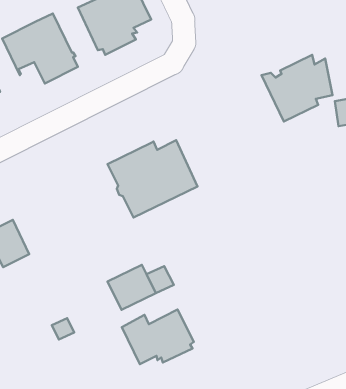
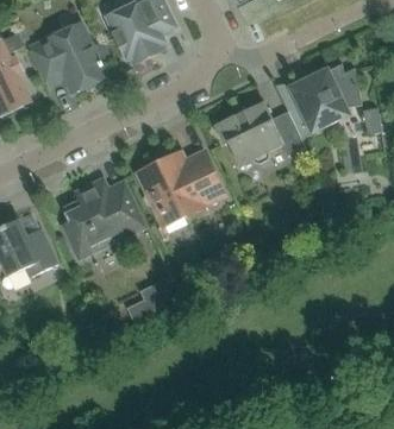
building: none -> [213,101,304,163]
building: none -> [61,177,146,258]
building: [122,310,194,364] -> none

